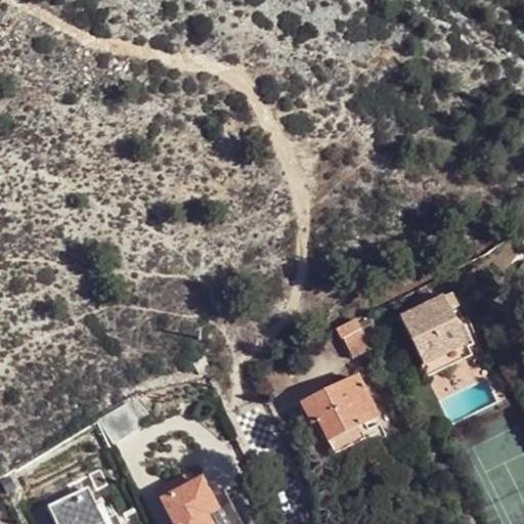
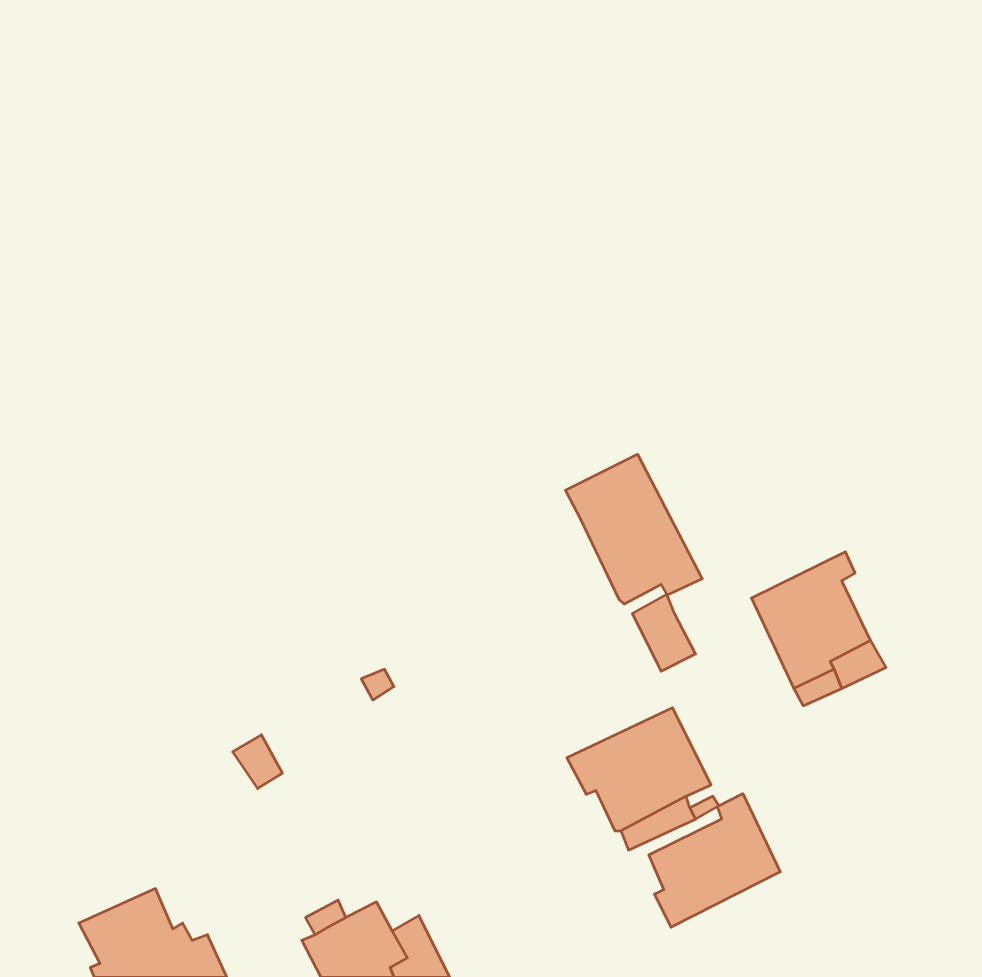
building: none -> [565,454,702,604]
building: none -> [649,794,780,927]

